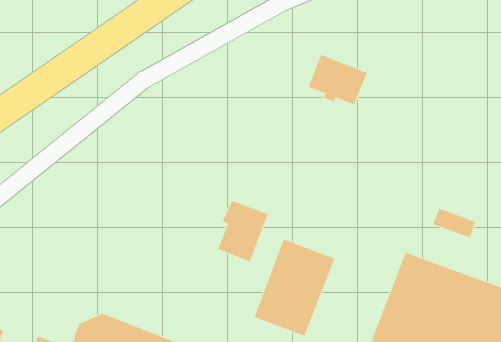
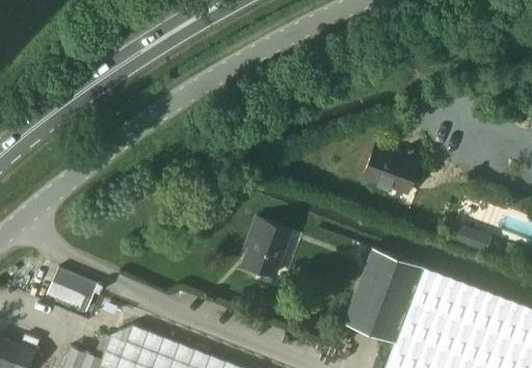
building: [308,54,367,105] -> [363,146,420,194]
building: [254,239,335,337] -> [345,248,423,342]
building: none -> [48,268,97,311]

